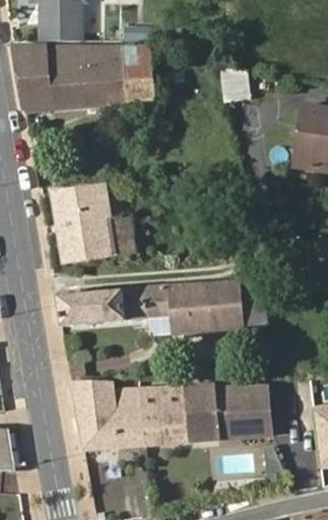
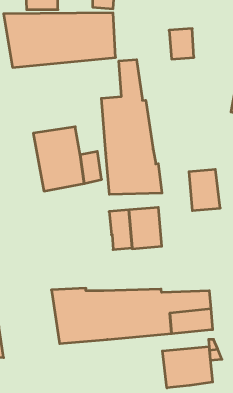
building: none -> [101,60,162,194]
building: [205,280,244,331] -> [189,169,220,211]
building: [58,288,147,325] -> none
building: none -> [162,346,213,388]

